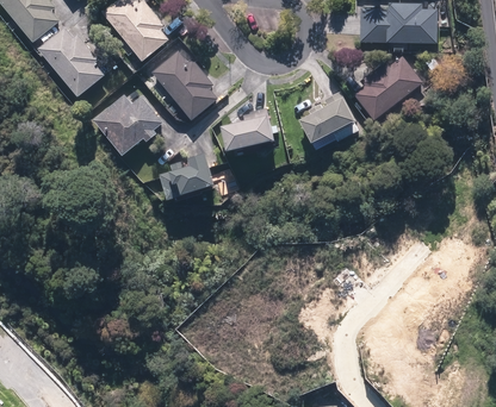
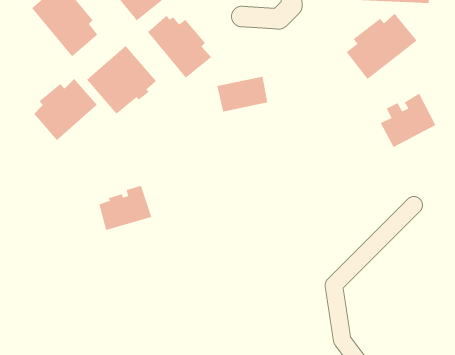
building: [299,89,355,144] -> [380,93,436,148]
building: none -> [33,78,98,141]
building: [160,155,213,200] -> [98,185,152,230]

